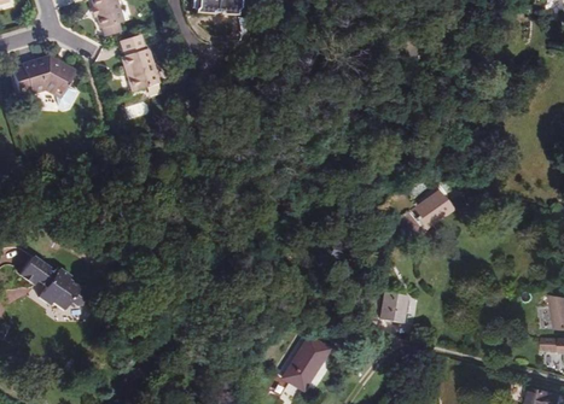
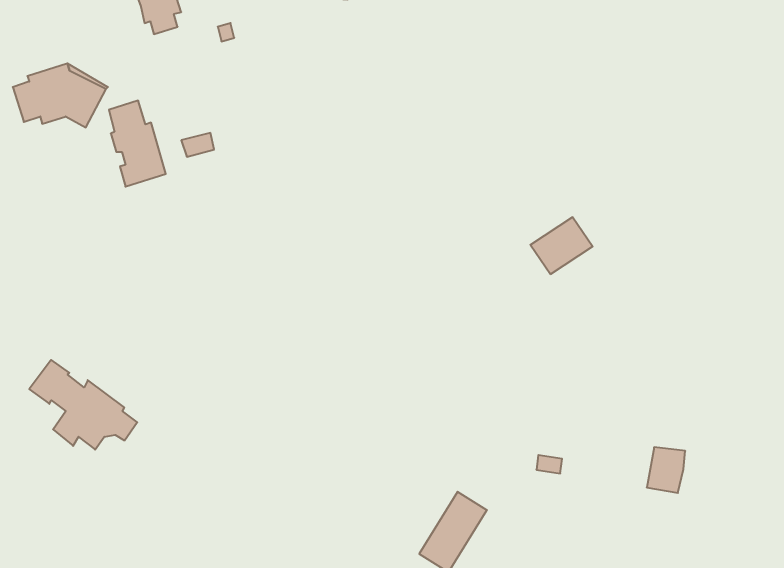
building: [118,35,156,92] -> [109,101,166,187]
building: [408,189,449,227] -> [530,217,593,274]
building: [379,293,405,323] -> [647,447,685,493]

